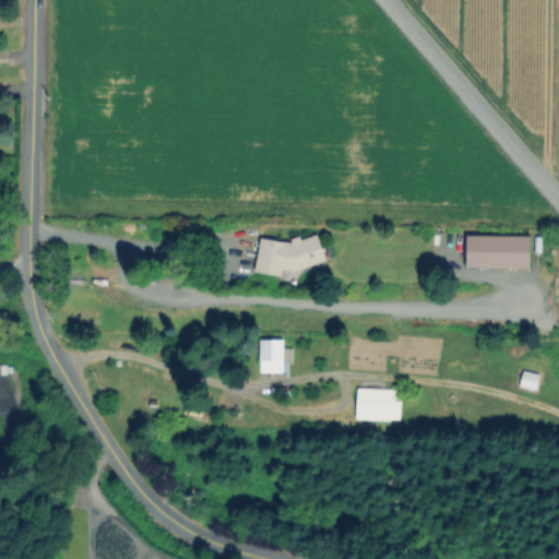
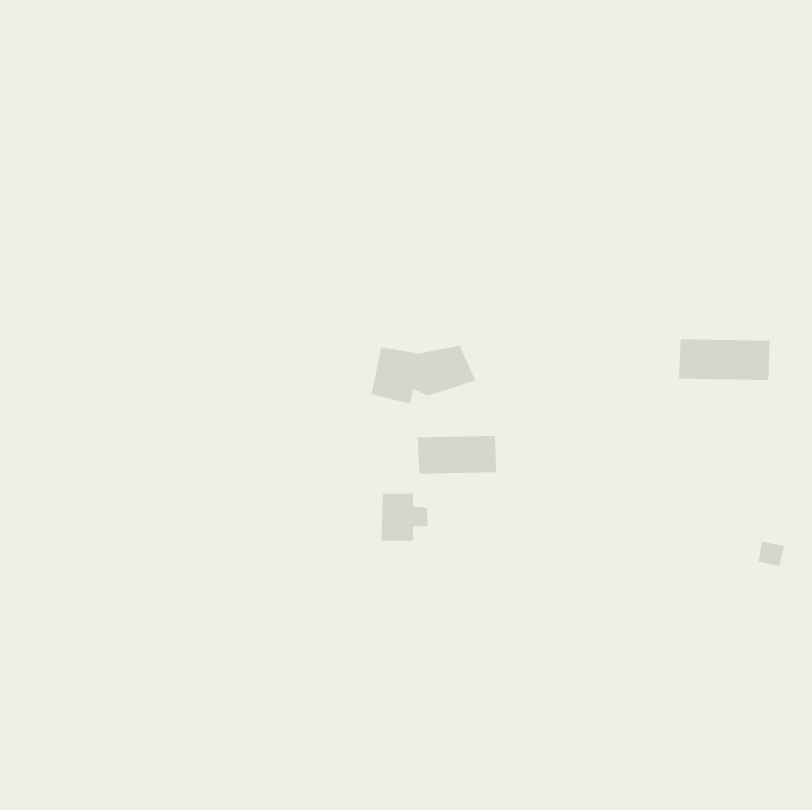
building: none -> [417,435,497,475]
building: [356,392,401,421] -> none

